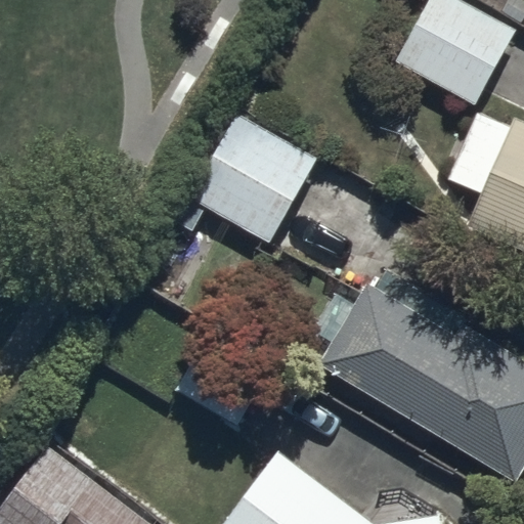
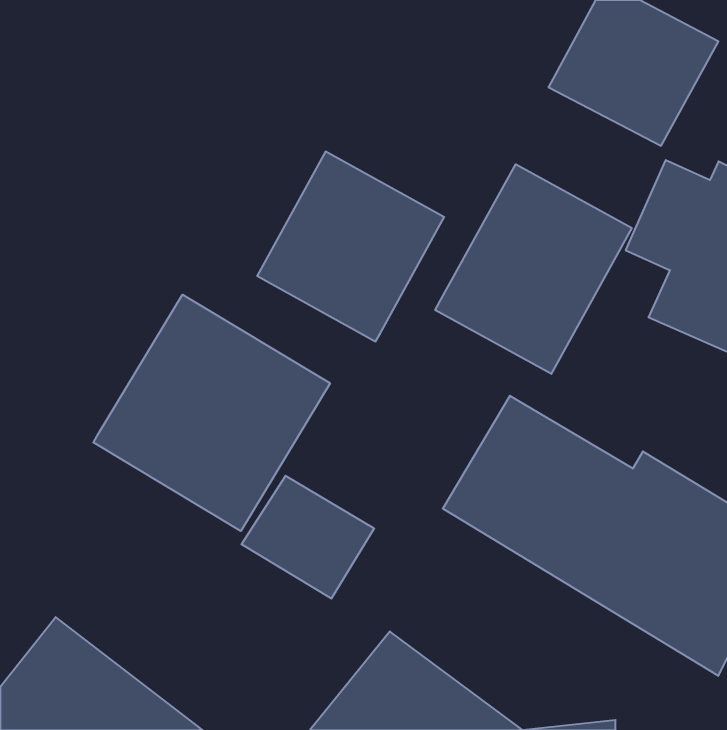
building: none -> [435,164,632,374]
building: none -> [93,295,330,531]

